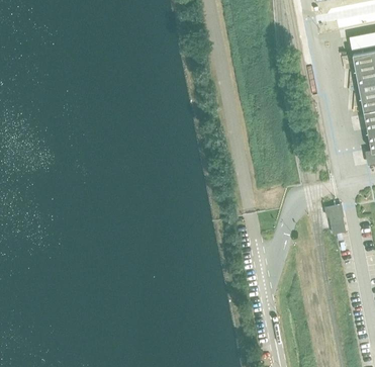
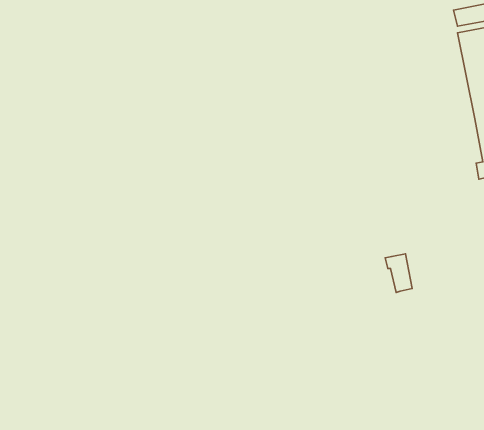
building: [325,206,346,236] -> [385,254,412,293]

